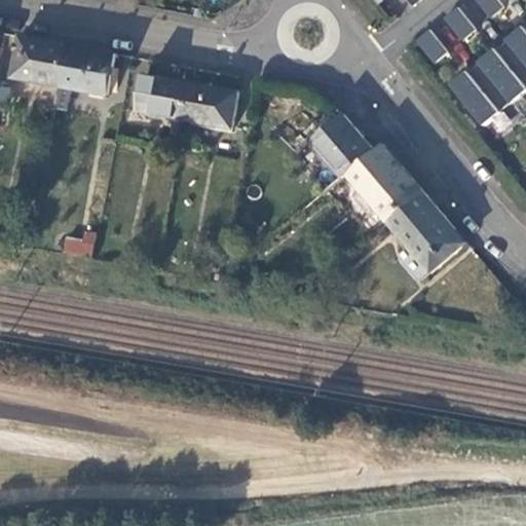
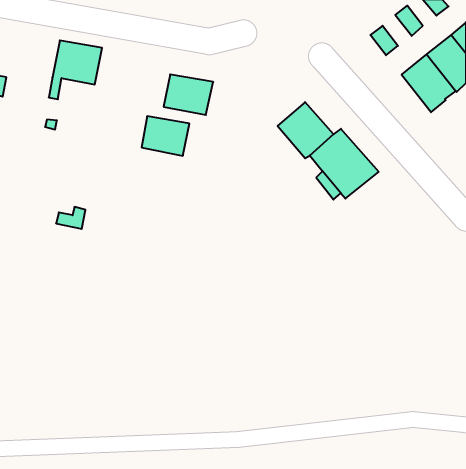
building: [11,36,67,86] -> none
building: [137,75,190,119] -> [142,116,189,156]
building: [386,192,465,280] -> none

